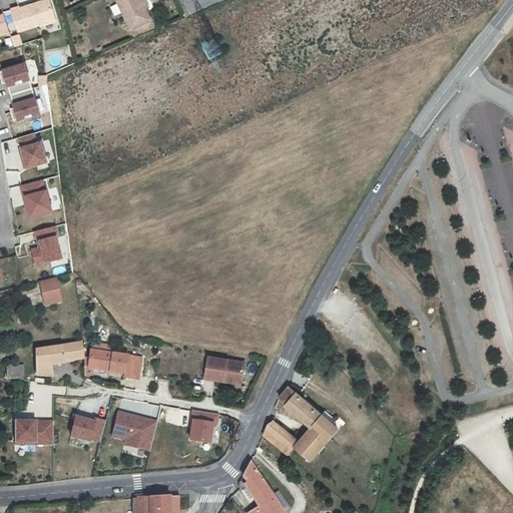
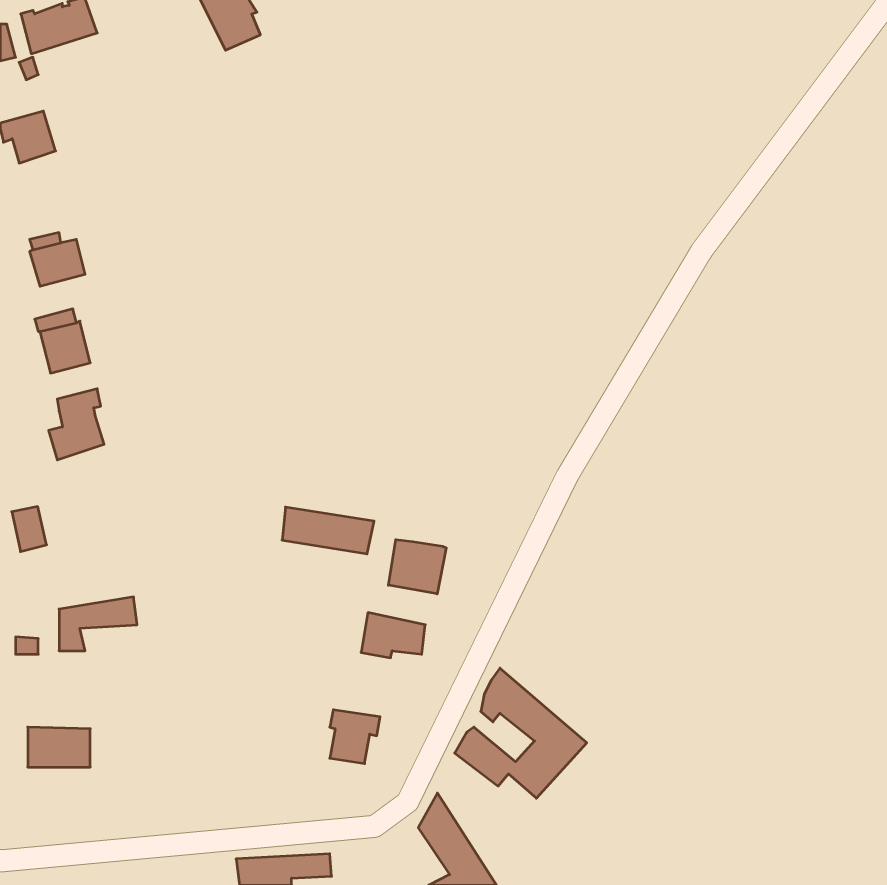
building: [10,87,39,119] -> none
building: [40,279,60,305] -> [12,507,47,552]
building: none -> [388,540,446,594]
building: [86,351,139,378] -> [282,507,374,554]
building: [112,411,156,449] -> none
building: [71,414,105,441] -> none

